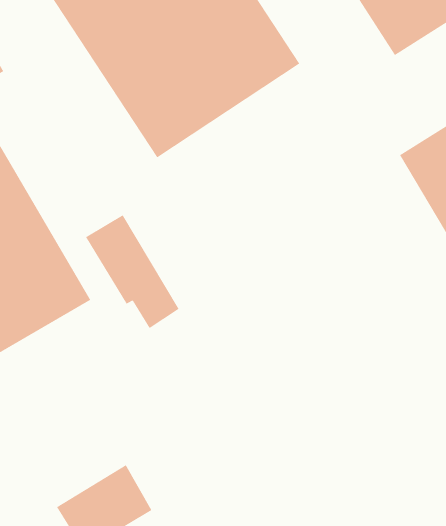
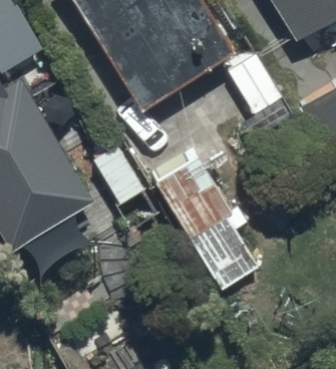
building: none -> [151,151,260,293]

